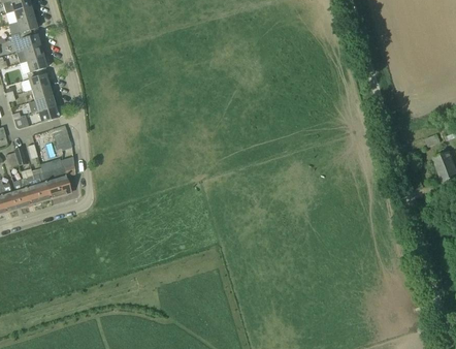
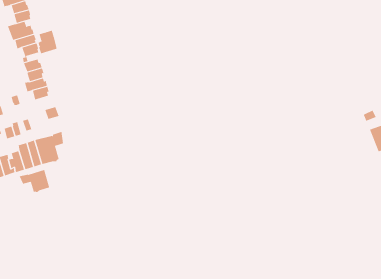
building: none -> [38,30,57,54]
building: none -> [19,169,50,193]

